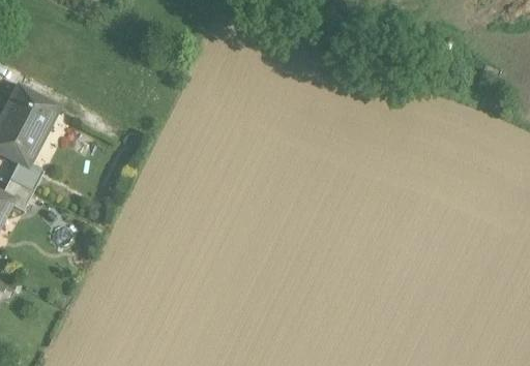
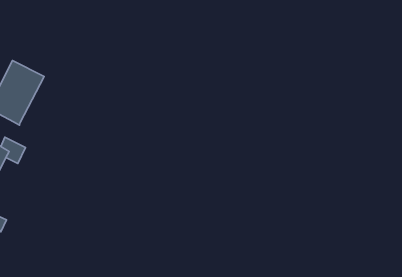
building: [7,157,43,188] -> none

